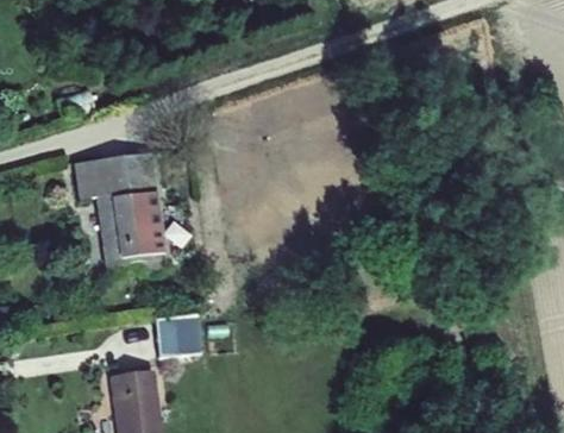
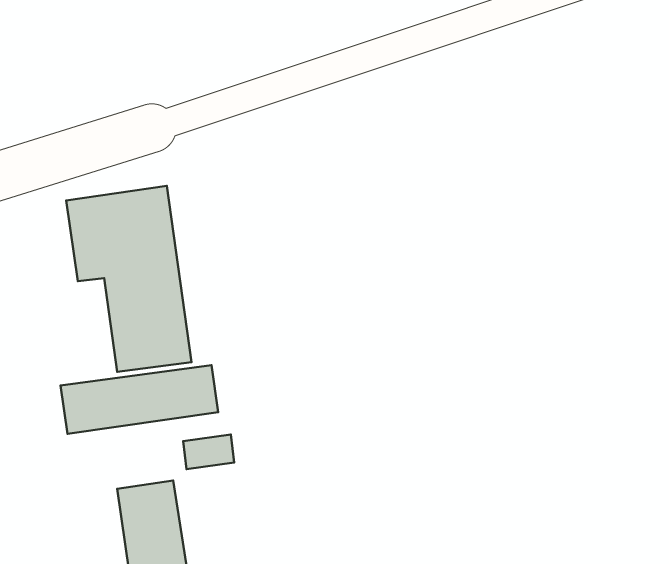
building: none -> [61,365,218,434]

